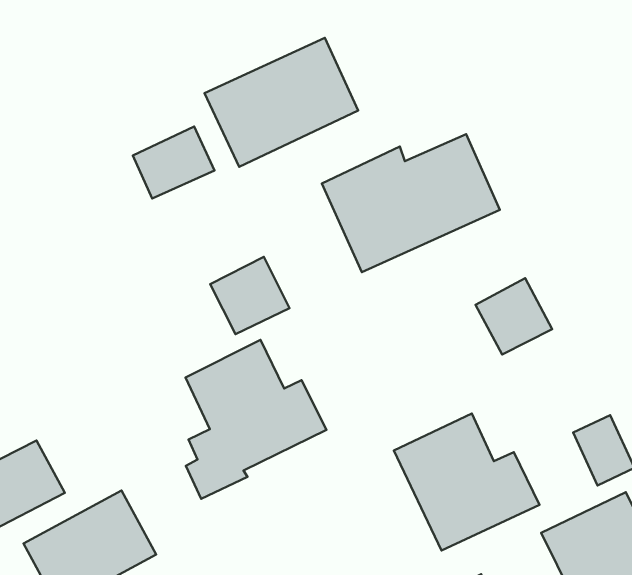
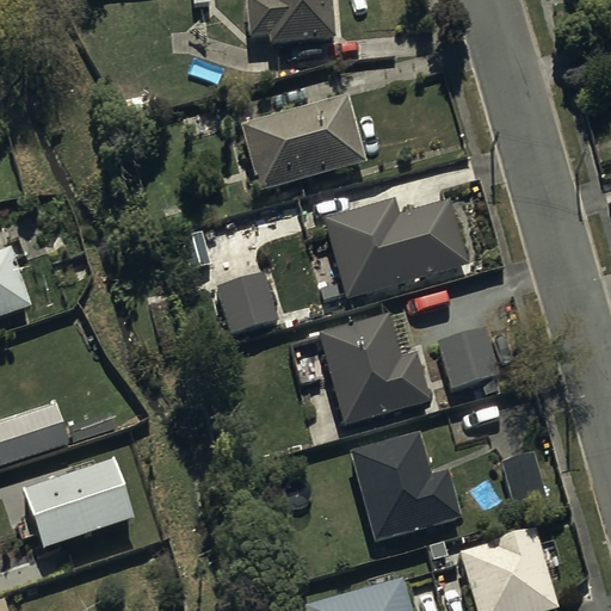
building: [133,126,214,199] -> none
building: [186,340,327,499] -> [307,316,430,442]

